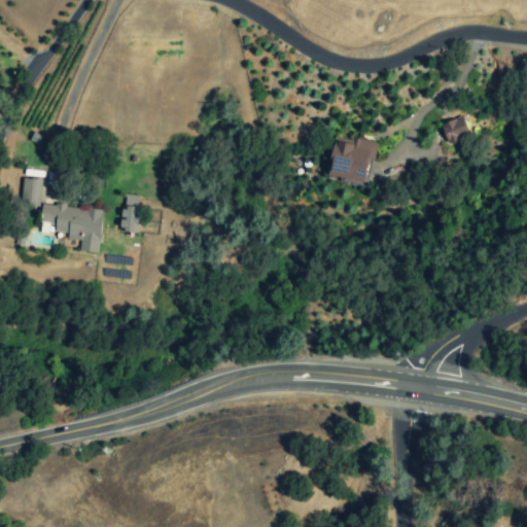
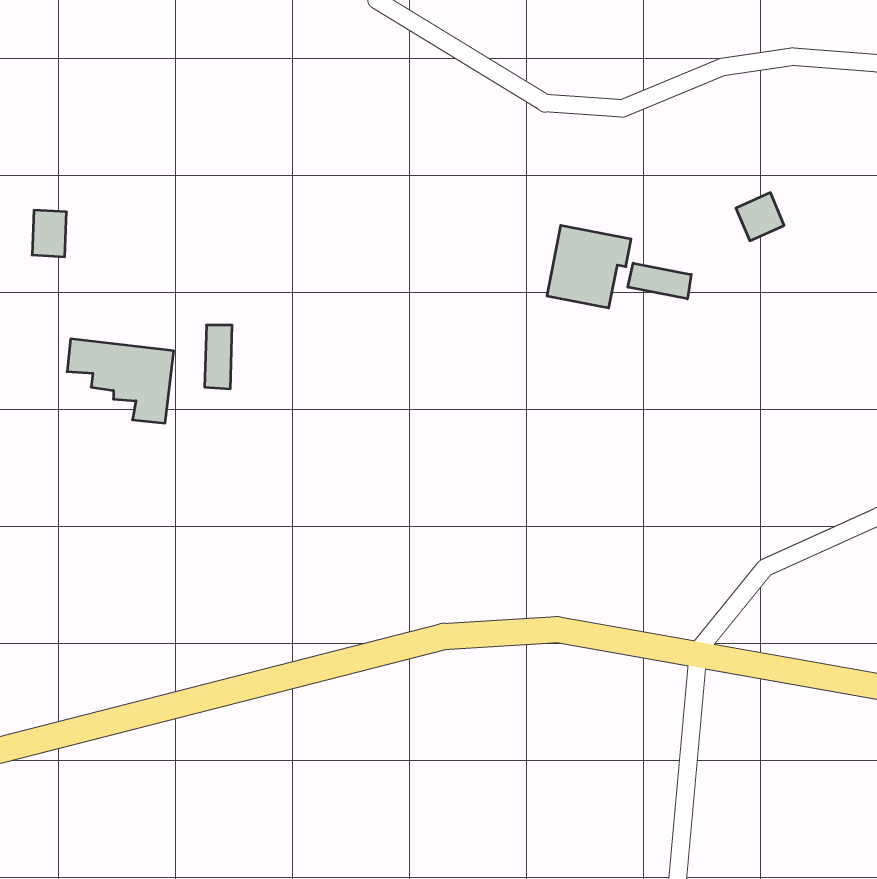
building: none -> [628,263,691,299]
building: [22,178,42,206] -> [32,210,67,257]

